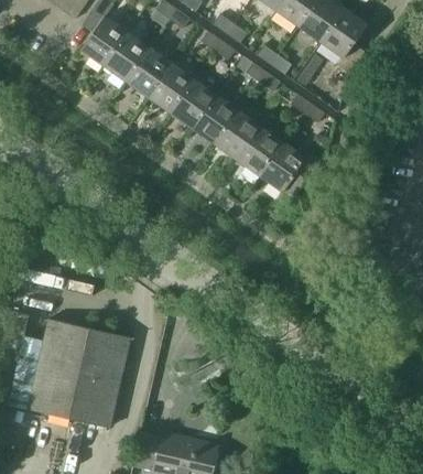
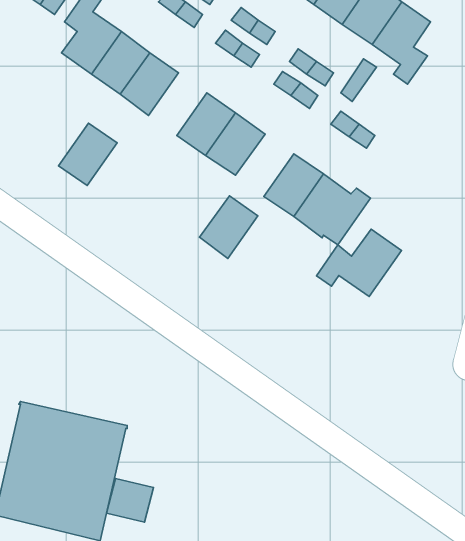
building: [149,64,194,112] -> [59,123,117,186]
building: [216,111,261,160] -> [199,196,258,258]
building: none -> [316,229,401,296]
building: none -> [106,478,153,522]

